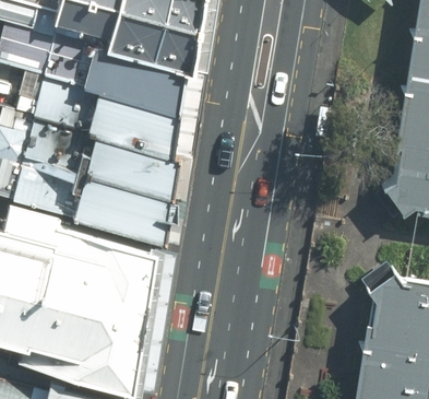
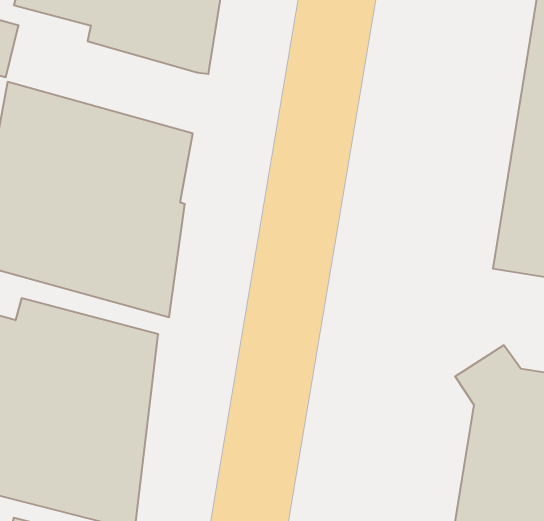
building: [48,42,180,118] -> none

